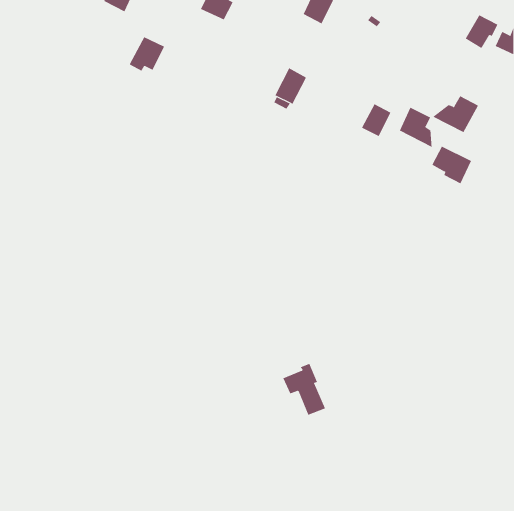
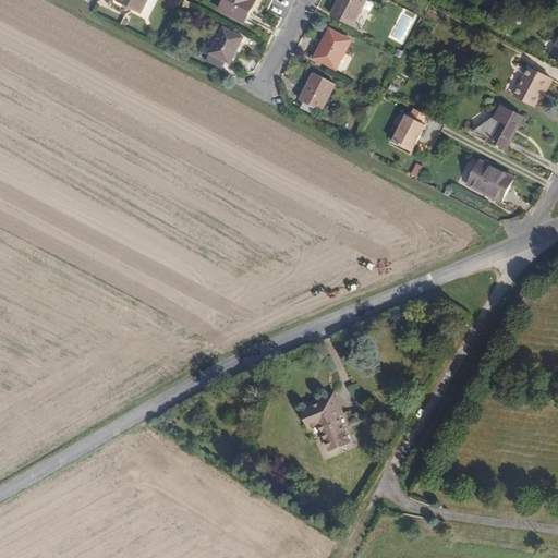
building: [465,15,498,49] -> [512,66,548,104]
building: none -> [313,32,347,70]
building: [129,36,165,72] -> [202,26,241,64]
building: [399,107,432,148] -> none

